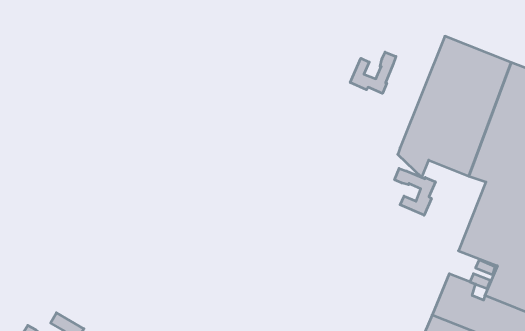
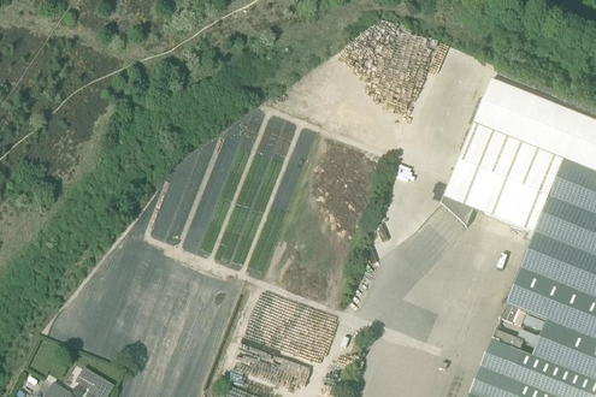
building: [350,52,396,93] -> none
building: [395,168,435,215] -> none

